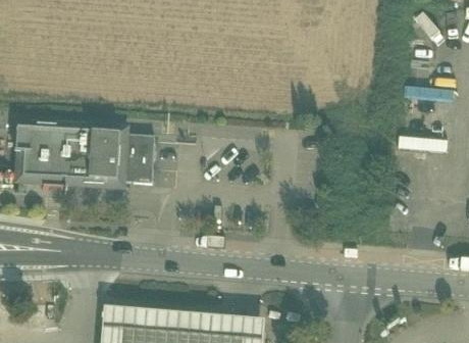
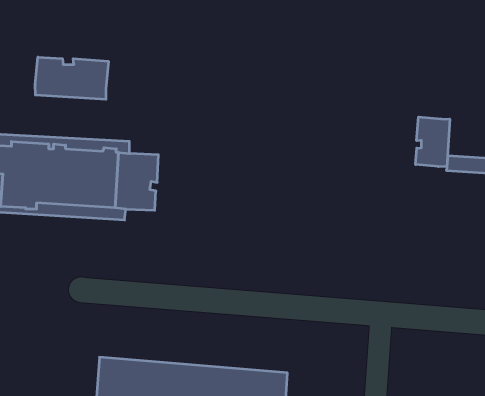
building: none -> [35,57,108,99]
building: none -> [416,117,450,167]

